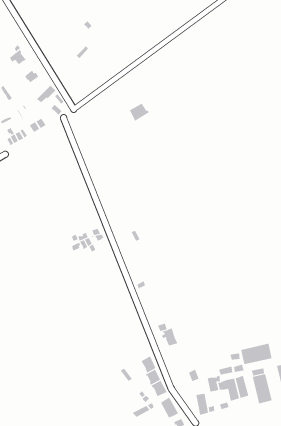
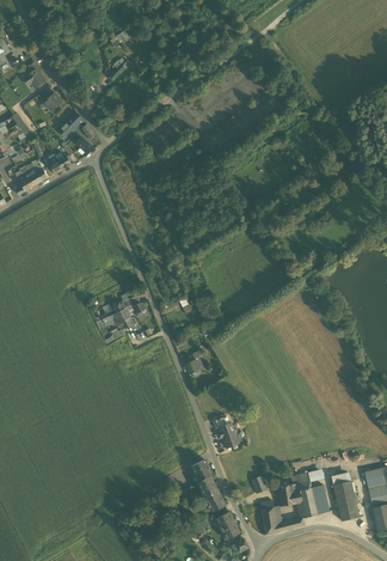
building: [240,343,272,365] -> none

